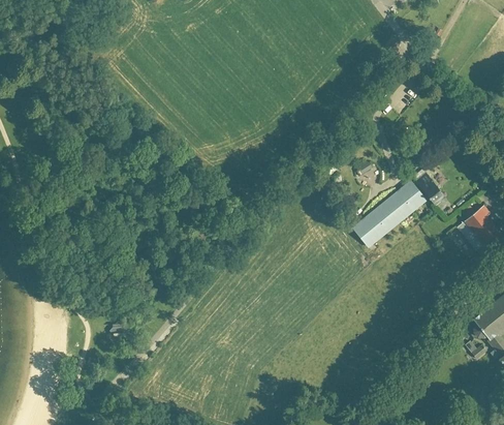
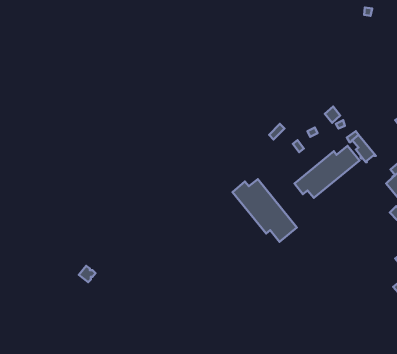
building: none -> [232,179,297,242]

